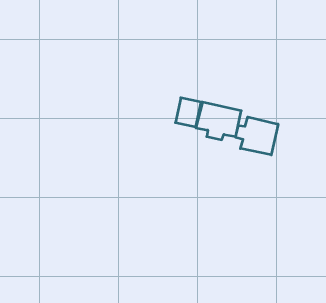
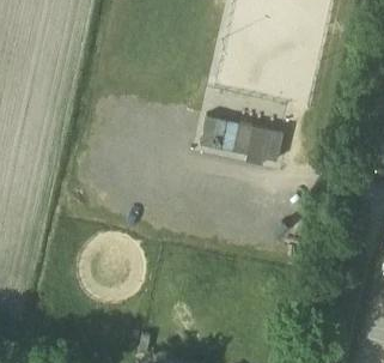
building: [236,117,278,155] -> none

